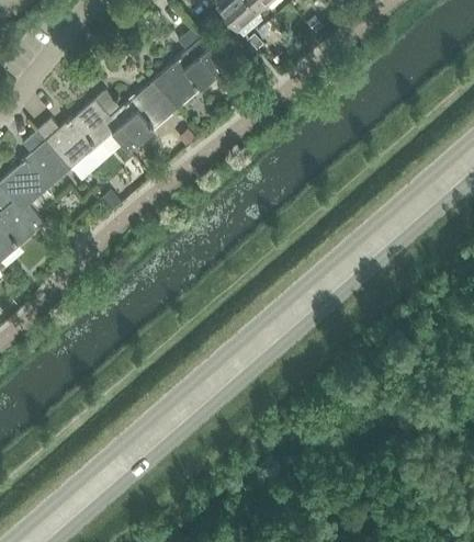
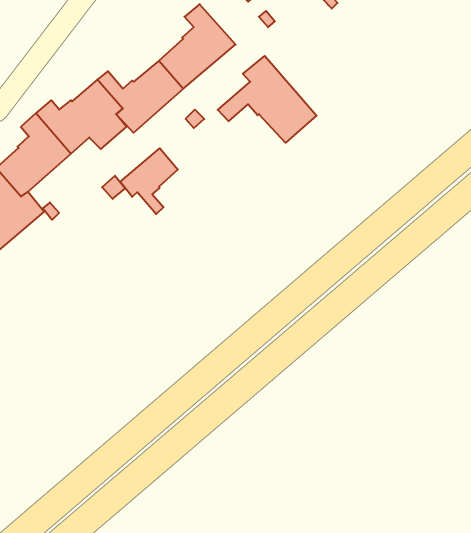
building: none -> [218,56,317,143]
building: none -> [120,148,178,214]

